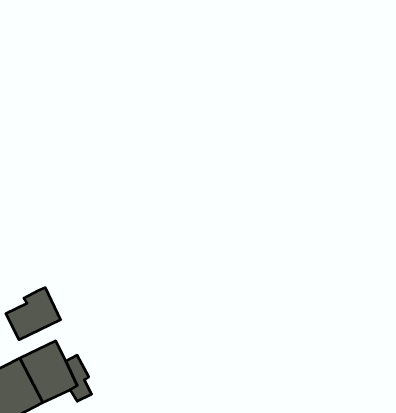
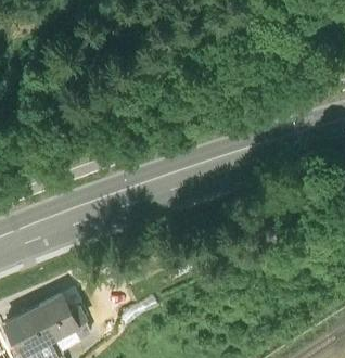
building: [6,288,61,340] -> none

